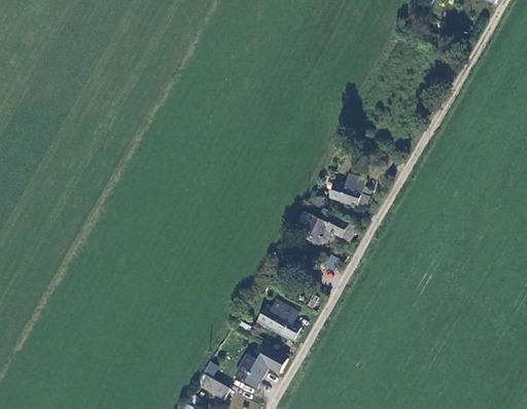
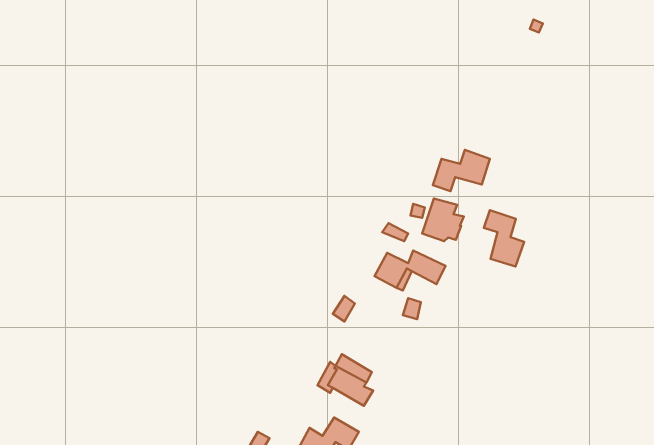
building: none -> [433,150,490,191]
building: none -> [484,210,524,267]

